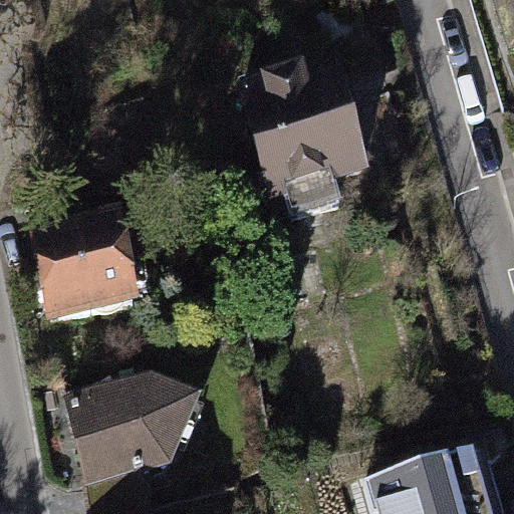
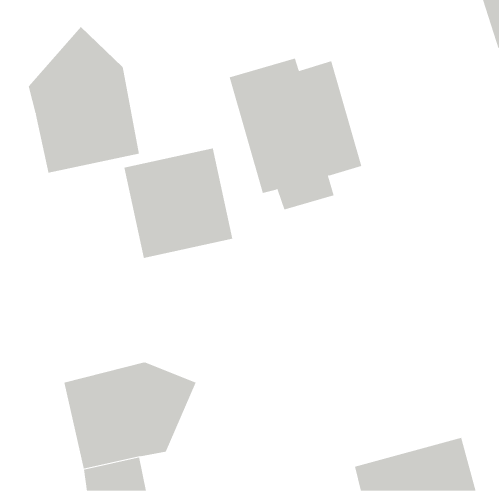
building: none -> [28,26,139,174]
building: [28,209,141,322] -> [124,148,233,258]

